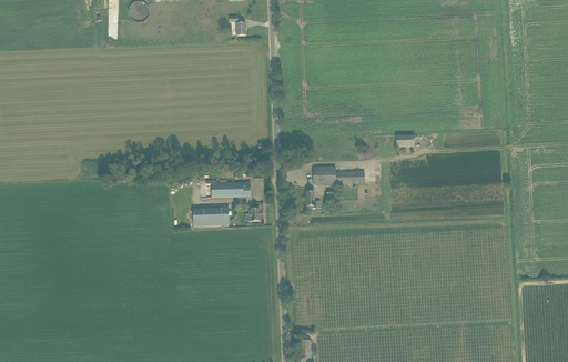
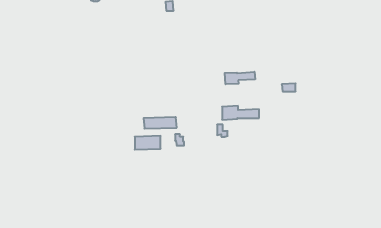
building: none -> [225,72,255,84]

